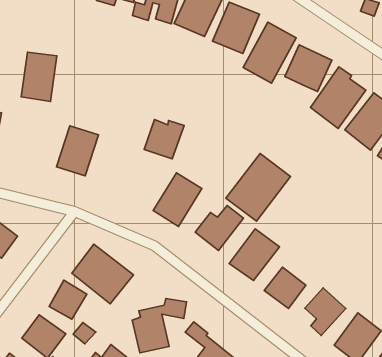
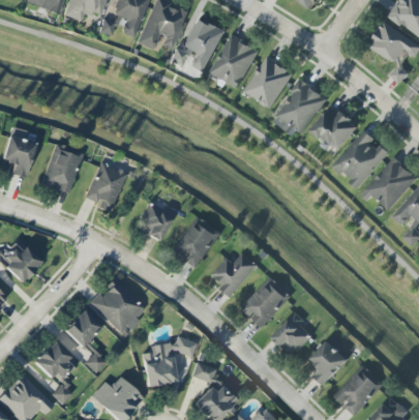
building: [21,52,57,102] -> [42,144,81,193]
building: [144,120,184,159] -> [136,201,176,240]
building: [226,154,291,221] -> none

